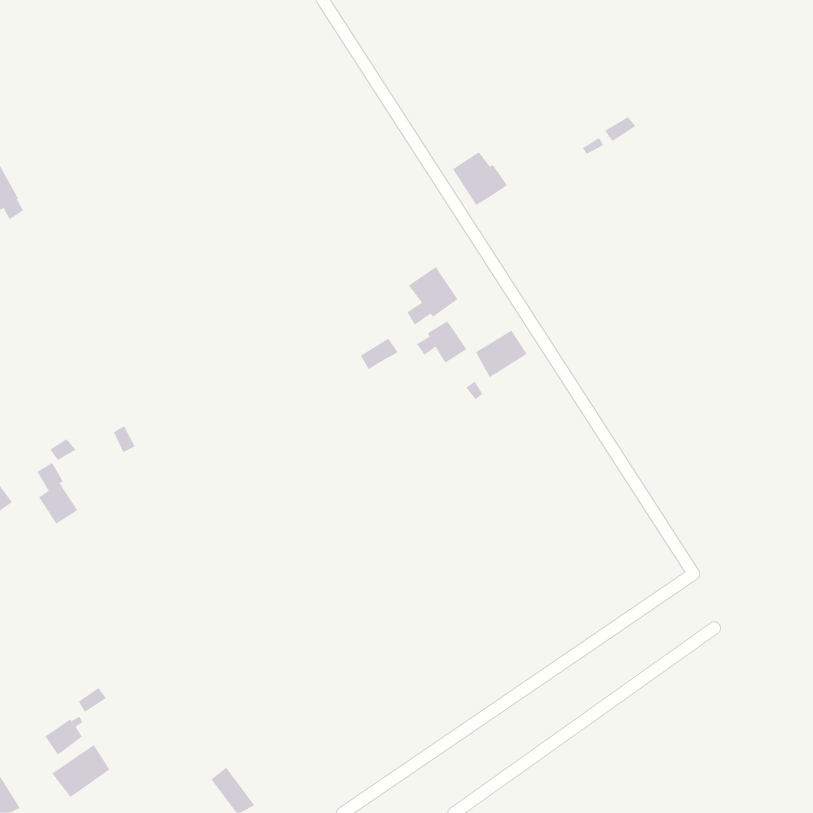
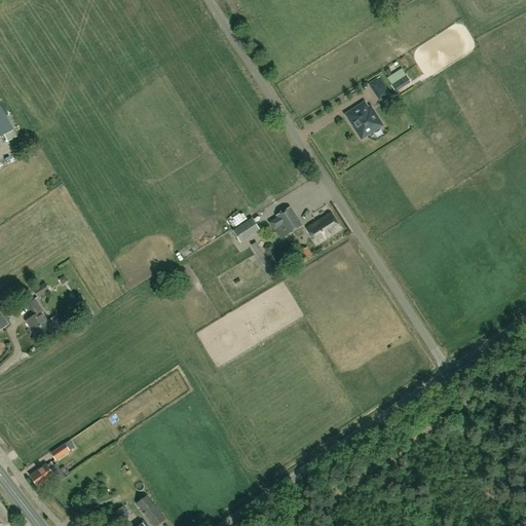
building: [452,152,508,206] -> [345,103,381,138]
building: [407,266,458,325] -> none
building: [52,744,110,798] -> none

